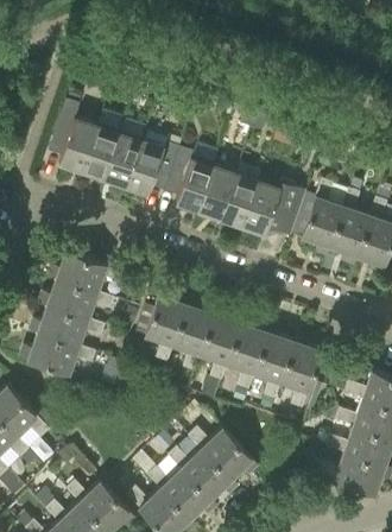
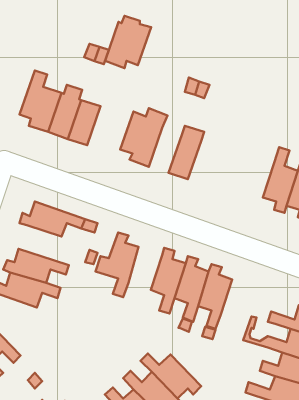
building: [126,135,179,196] -> [105,16,151,68]
building: [197,167,235,220] -> none
building: [302,180,342,256] -> none
building: [242,183,305,235] -> none
building: [38,280,114,321] -> none
building: [173,297,213,373] -> none
building: [280,334,322,410] -> none

